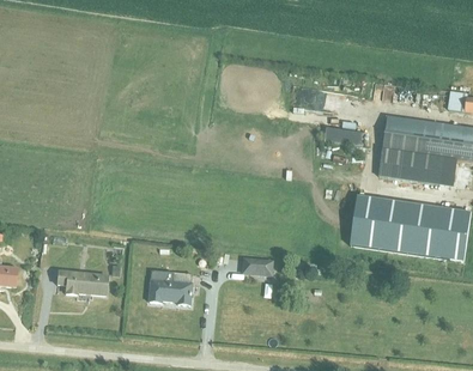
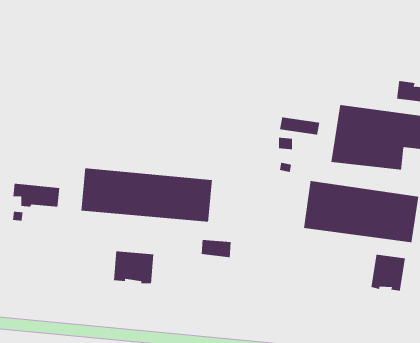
building: none -> [81,167,212,223]
building: [56,269,107,294] -> [13,183,60,207]
building: none -> [371,254,405,292]

